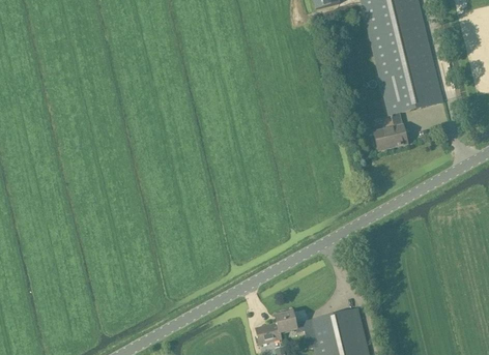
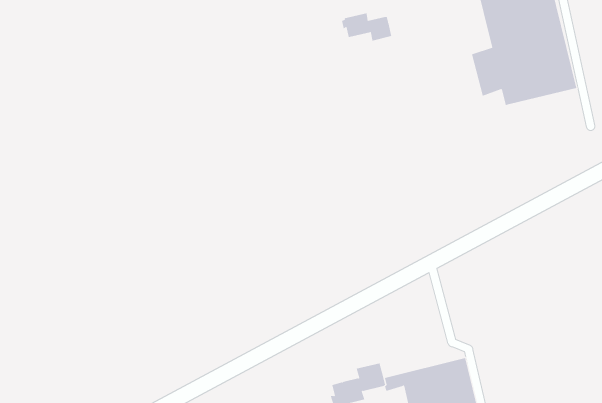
building: none -> [342,12,392,42]
building: [374,113,408,151] -> none

